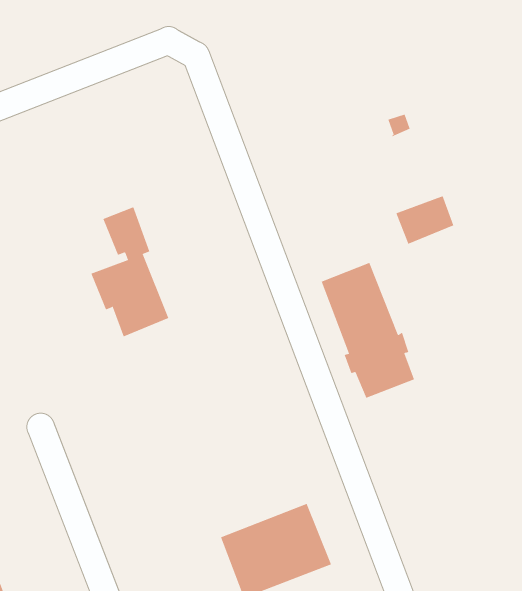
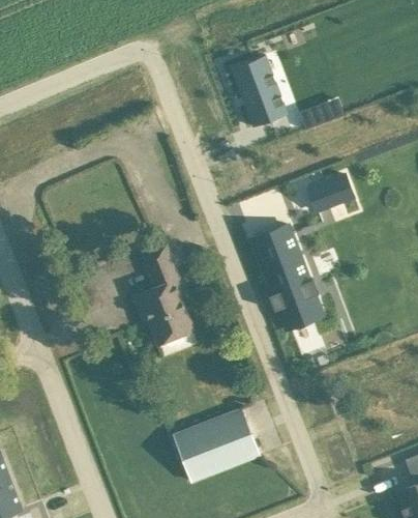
building: none -> [231,56,288,127]
building: [90,207,169,337] -> [133,246,193,345]

